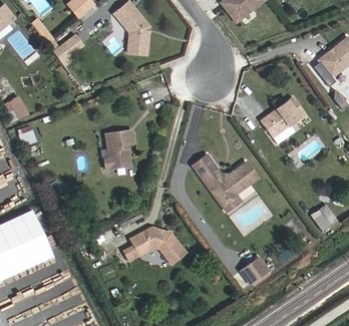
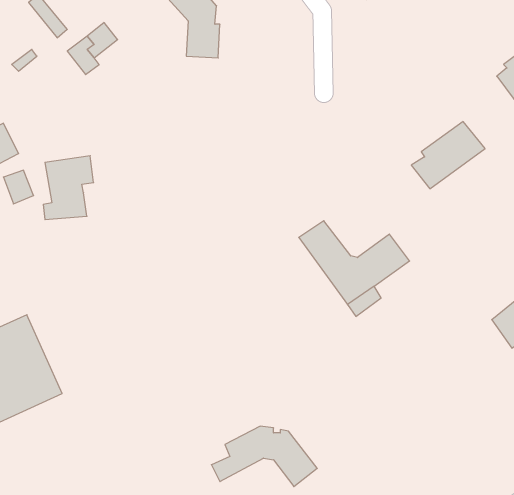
building: [107,129,137,168] -> [43,156,94,220]
building: [125,228,189,264] -> [211,426,317,487]
building: [245,256,272,282] -> none

